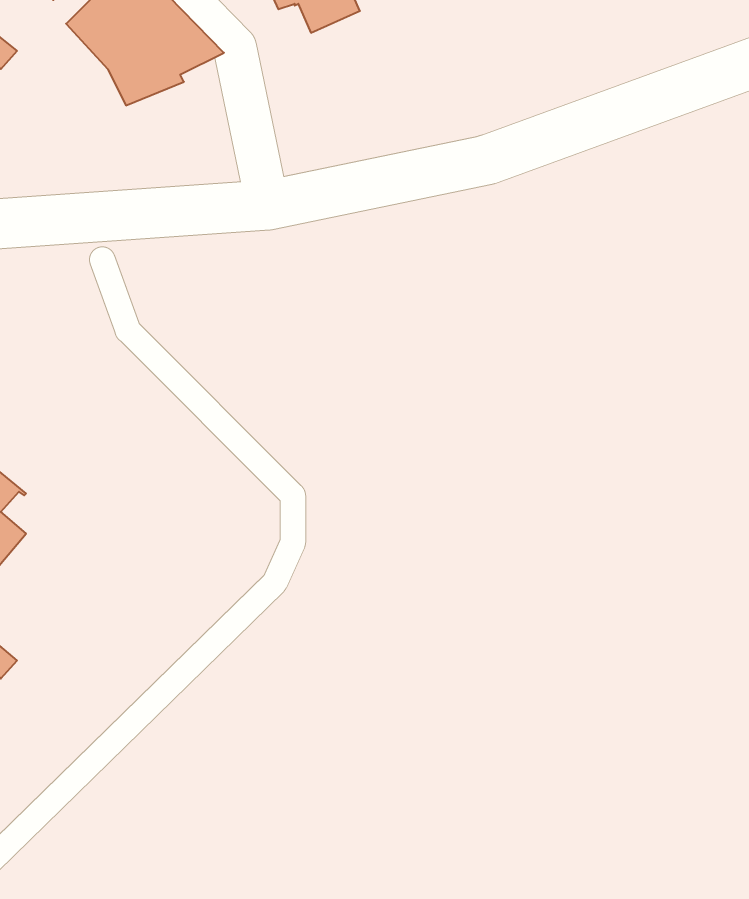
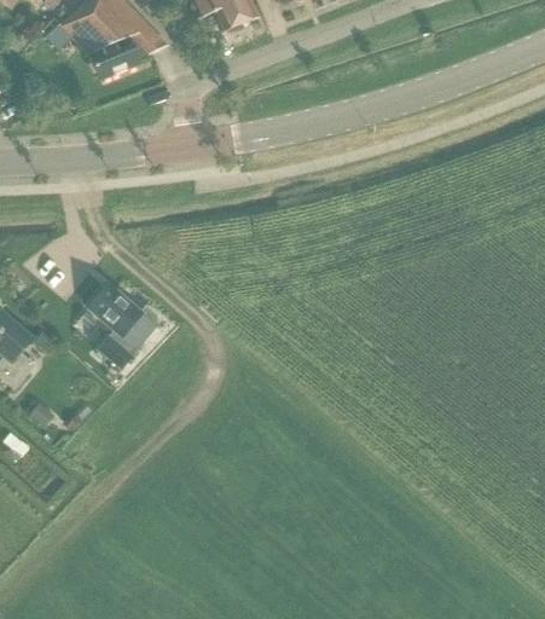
building: none -> [86,280,156,366]

